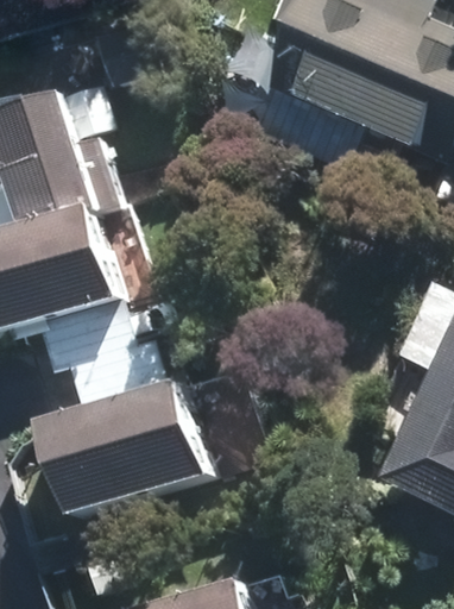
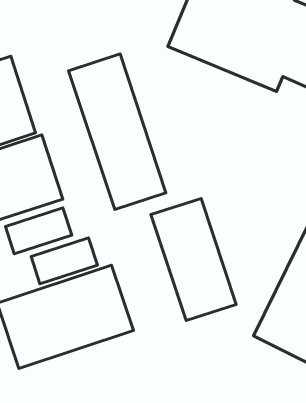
building: none -> [69,54,166,209]
building: none -> [151,198,236,321]

